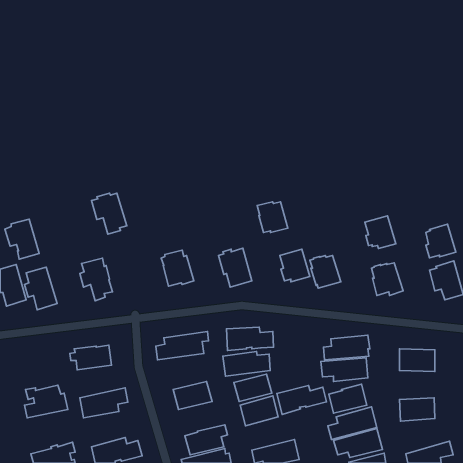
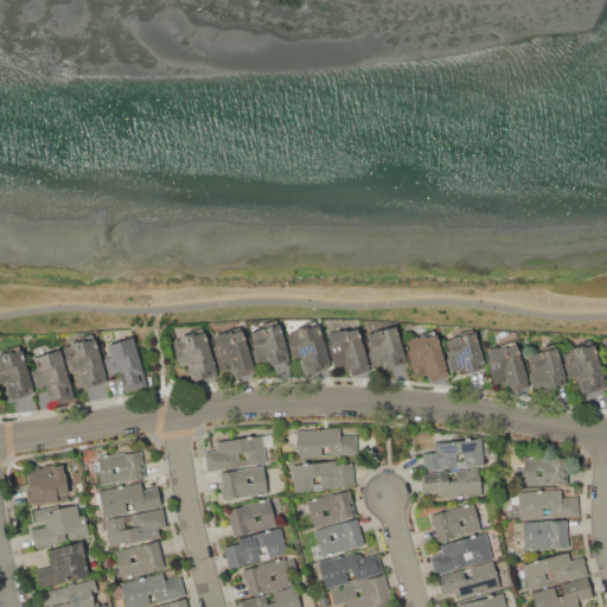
building: [91,193,127,234] -> [172,332,218,385]
building: [257,202,288,233] -> [326,328,366,369]
building: [365,216,396,248] -> [445,332,485,375]
building: [5,219,39,259] -> [63,337,108,389]
building: [426,224,456,258] -> [528,346,567,390]
building: none -> [250,324,288,368]
building: none -> [26,465,75,505]
building: none -> [219,466,269,500]
building: none -> [95,483,162,518]
building: none -> [518,490,579,519]
building: [277,385,327,414] -> [318,551,383,589]
building: none -> [223,528,288,569]
building: none -> [115,541,165,579]
building: none -> [36,542,89,589]
building: none -> [523,552,588,589]

